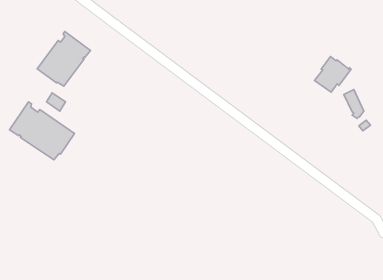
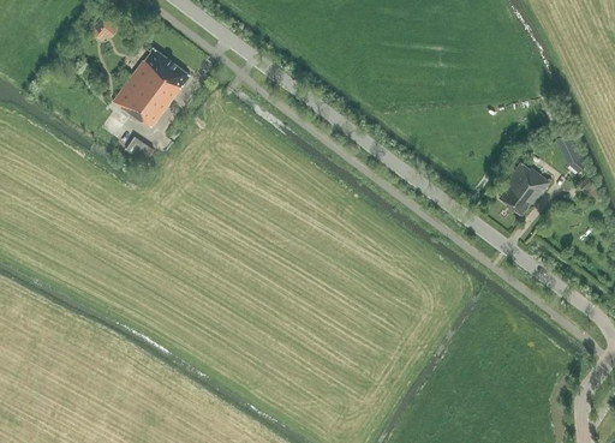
building: [315,57,351,92] -> [498,162,551,214]
building: [9,102,75,160] -> none

